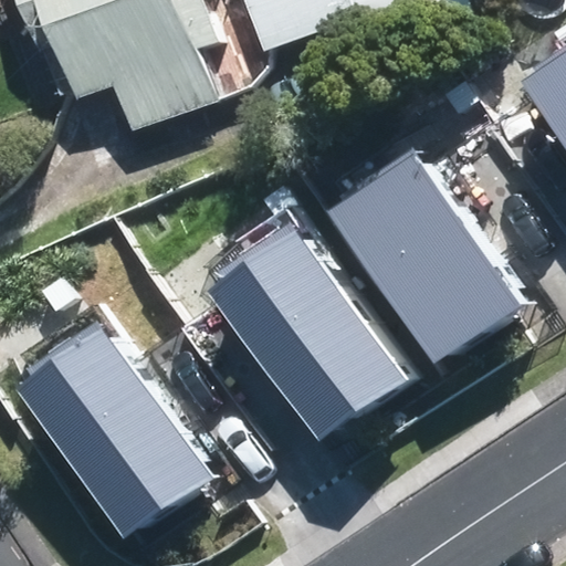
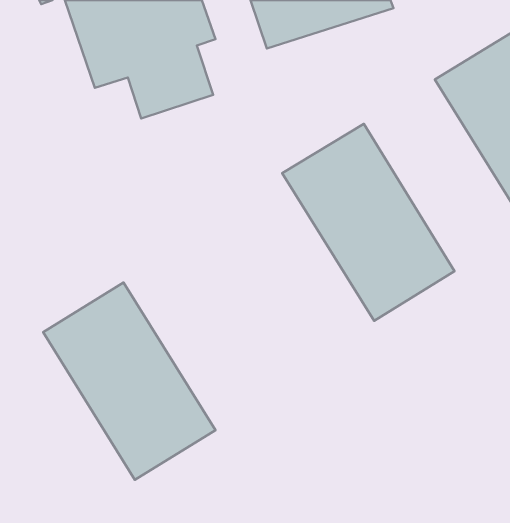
building: [192,221,377,432] -> none

